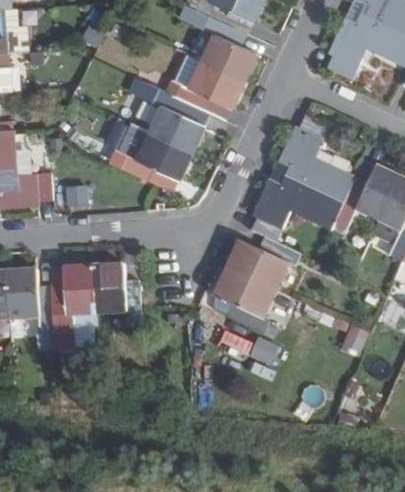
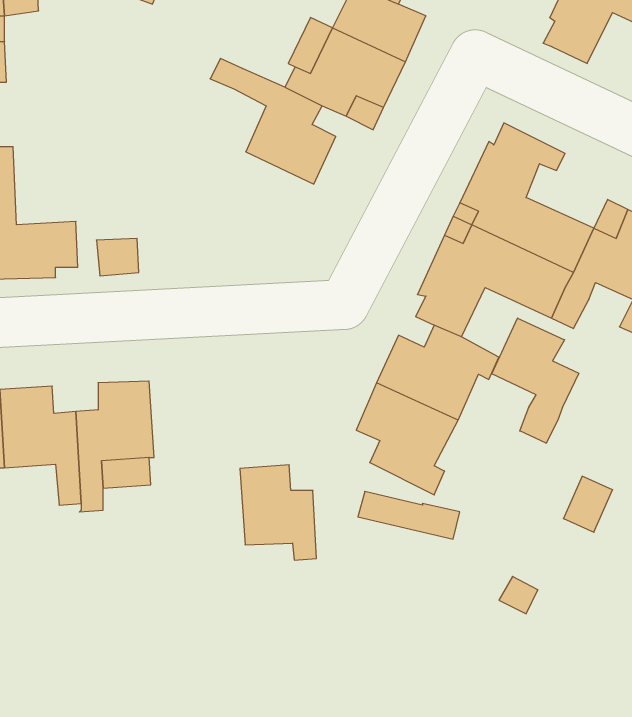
building: [110,121,191,189] -> none
building: none -> [492,318,579,443]
building: [94,264,139,320] -> [240,465,316,560]

